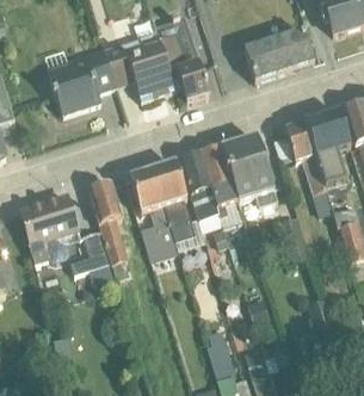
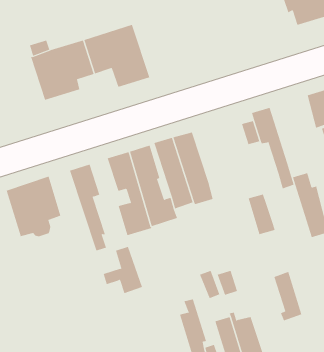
building: [154,14,209,103] -> none
building: [243,27,314,81] -> none
building: [304,109,353,181] -> none
building: [221,136,277,206] -> none
building: [70,231,113,283] -> [103,246,143,294]

